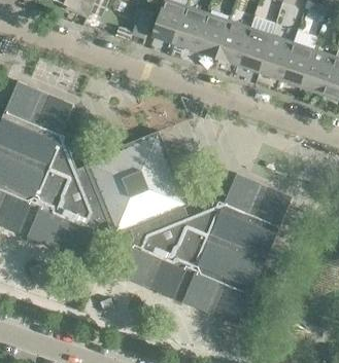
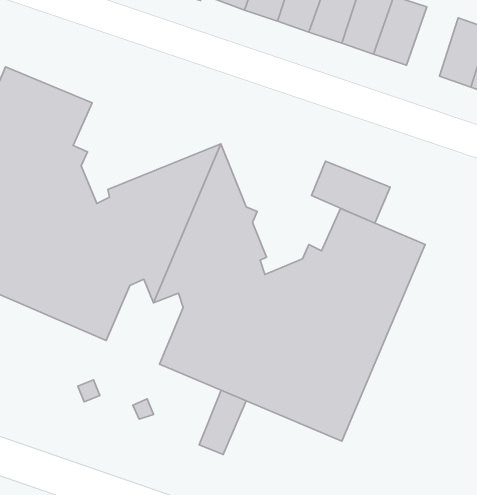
building: [280,41,314,86] -> none
building: none -> [312,161,390,223]
building: none -> [199,390,246,454]

